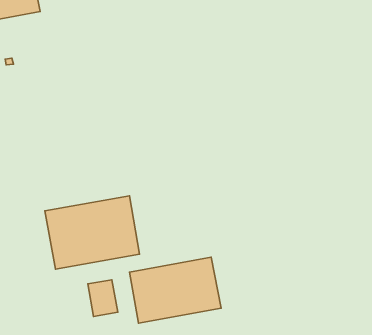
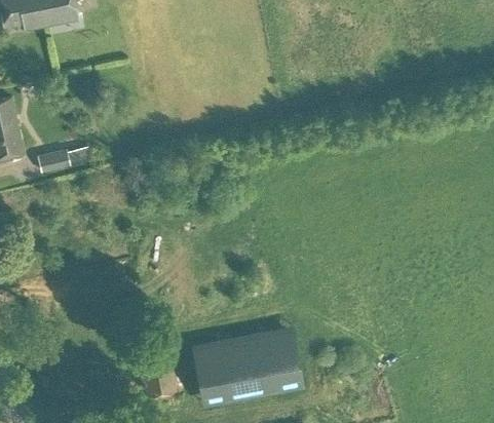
building: none -> [37,147,89,172]
building: [45,196,139,269] -> none

